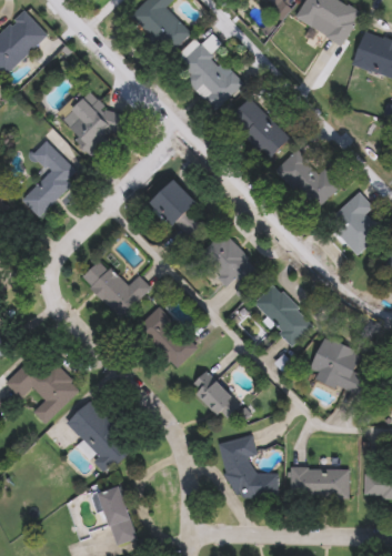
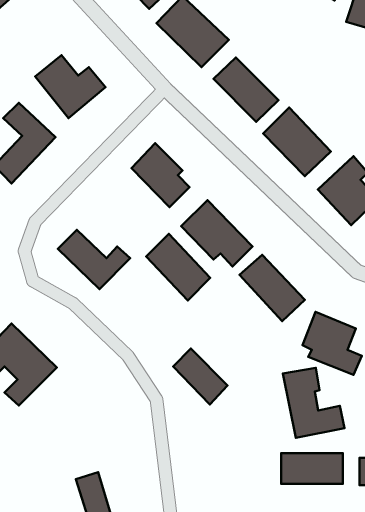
building: [137,306,197,368] -> [146,234,210,300]
building: [67,401,133,474] -> none
building: [221,436,279,502] -> [283,368,344,438]

